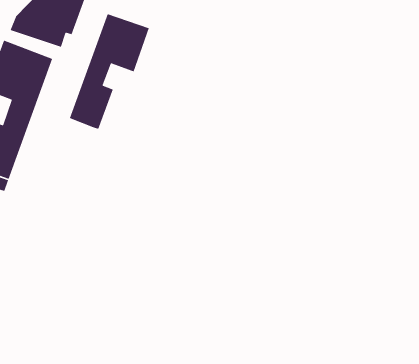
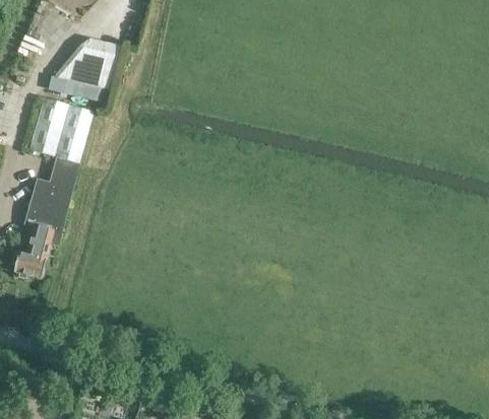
building: [69,13,150,130] -> none

